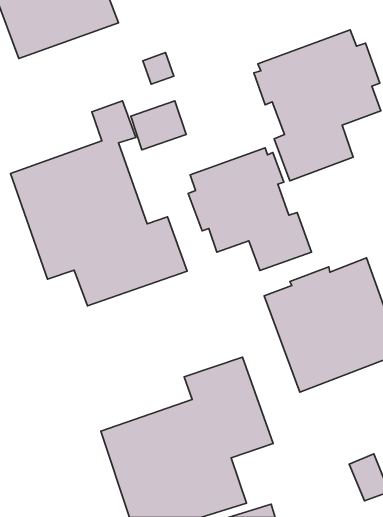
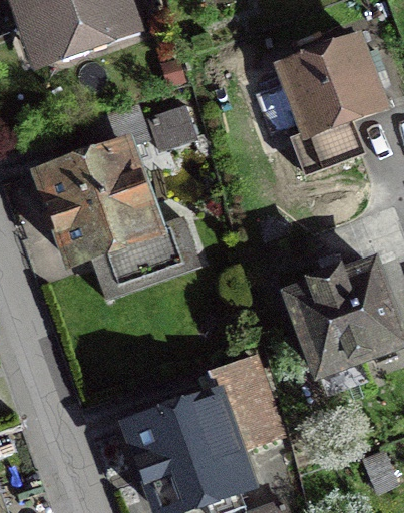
building: [188,148,312,271] -> none

